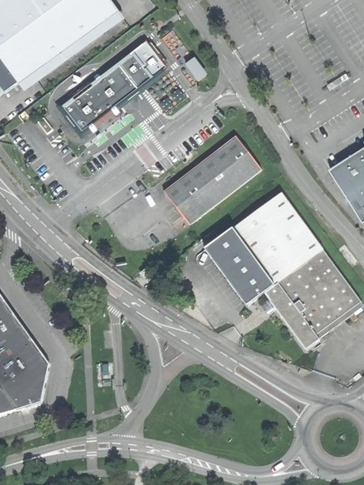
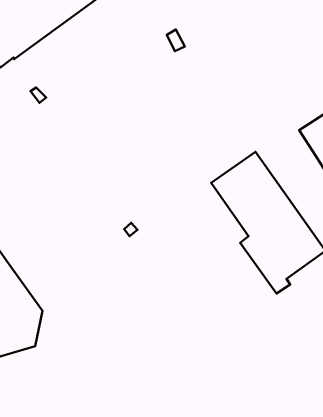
building: [58,40,167,135] -> none
building: [164,134,262,223] -> none
building: [204,225,274,304] -> none

